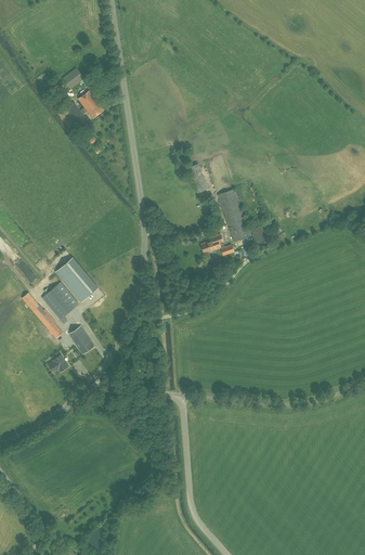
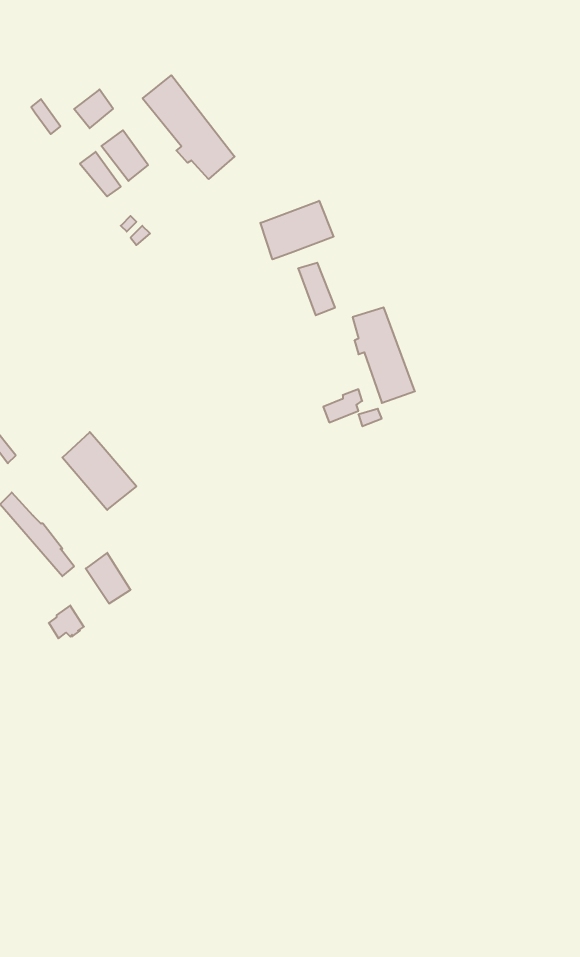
building: none -> [143,75,235,179]
building: none -> [260,201,334,259]
building: [42,285,76,324] -> none

